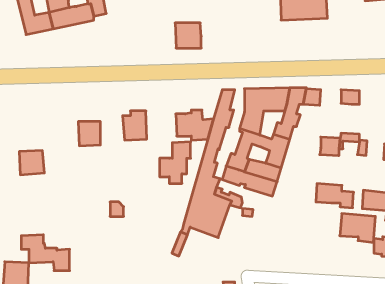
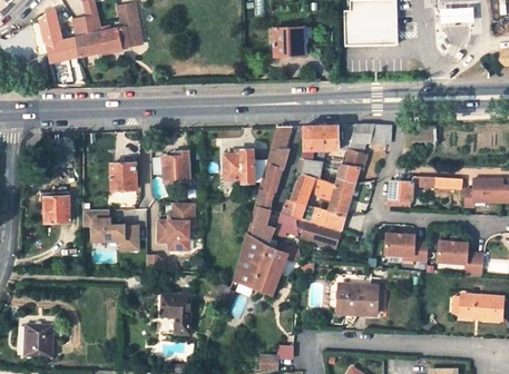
building: [175,23,201,48] -> [273,28,303,57]
building: [160,142,191,183] -> [158,203,194,250]
building: [340,214,375,243] -> [336,283,378,316]
building: [21,235,70,271] -> [82,209,138,250]
building: none -> [161,295,190,335]

